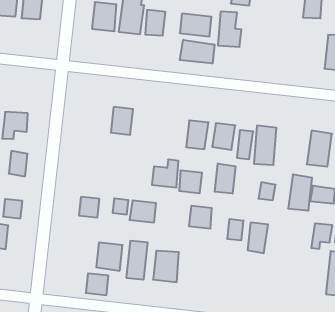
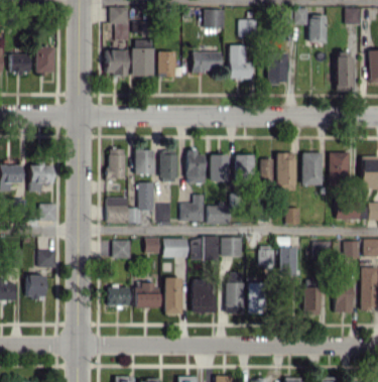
building: none -> [268,52,288,84]
building: [180,40,214,64] -> none
building: none -> [108,148,125,179]
building: none -> [186,151,206,182]
building: none -> [160,153,177,180]
building: none -> [139,181,154,210]
building: none -> [108,197,128,223]
building: [215,163,236,194] -> none
building: [288,175,312,211] -> [301,151,322,184]
building: none -> [191,236,219,260]
building: none -> [226,272,244,313]
building: none -> [248,282,267,312]
building: none -> [335,283,352,312]
building: none -> [303,286,322,314]
building: [86,273,108,295] -> [109,286,129,305]

